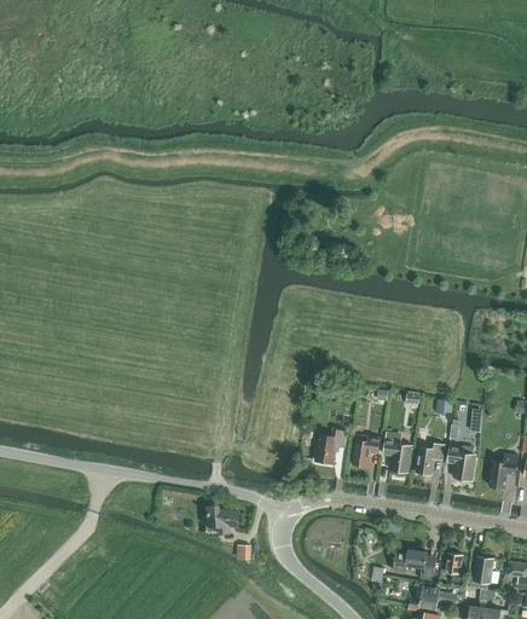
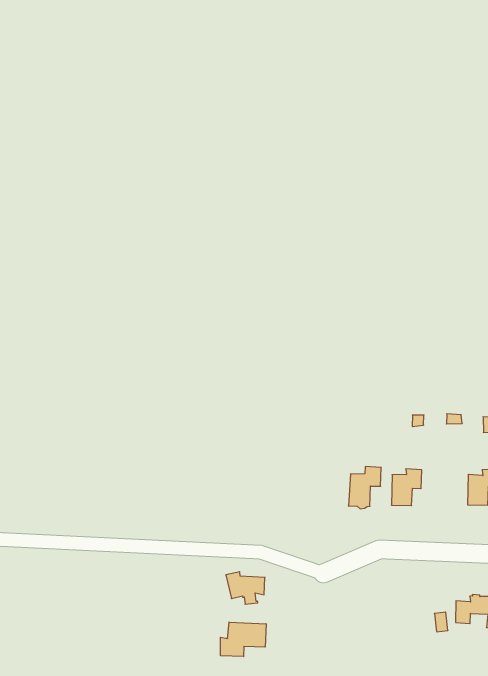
building: [384,434,412,473] -> none
building: none -> [221,622,266,657]

